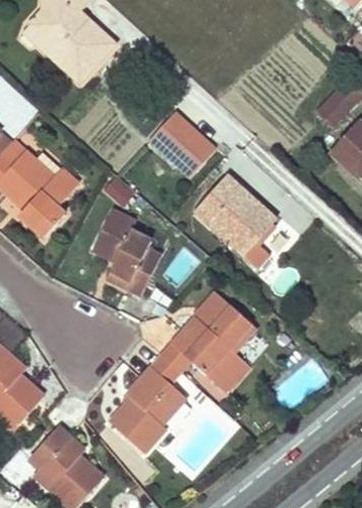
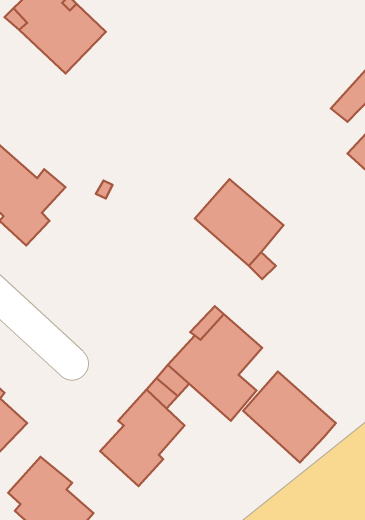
building: [150,112,217,177] -> none
building: [93,211,160,293] -> none
building: none -> [243,371,336,463]

